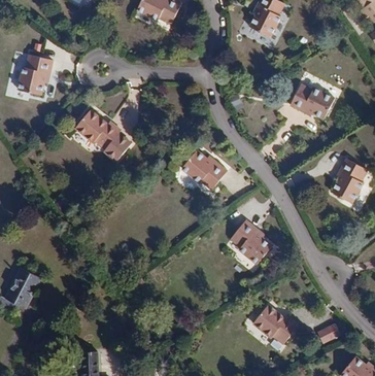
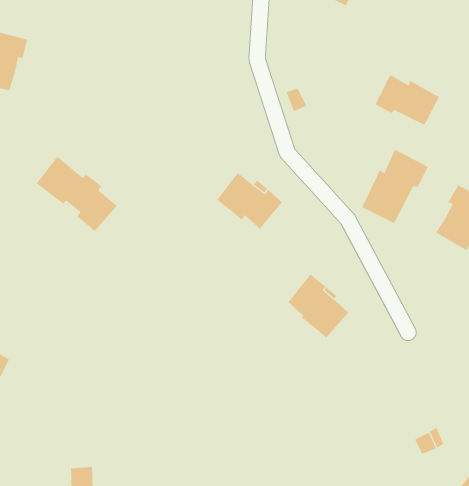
building: [75,109,131,161] -> [36,156,117,231]
building: none -> [362,149,428,224]
building: [252,305,298,343] -> none

